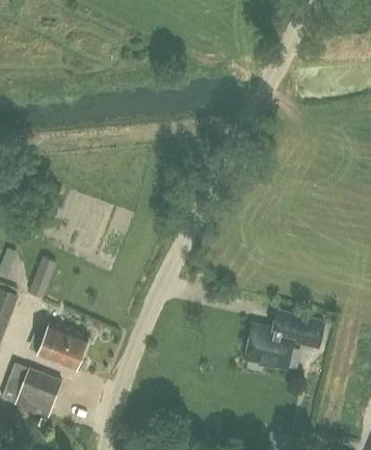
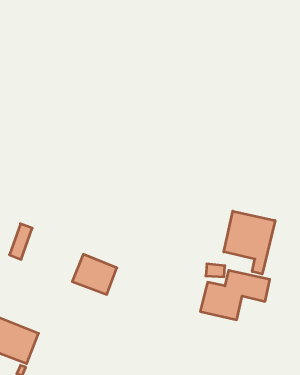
building: none -> [224,211,275,274]
building: [37,324,88,370] -> [72,254,117,294]

